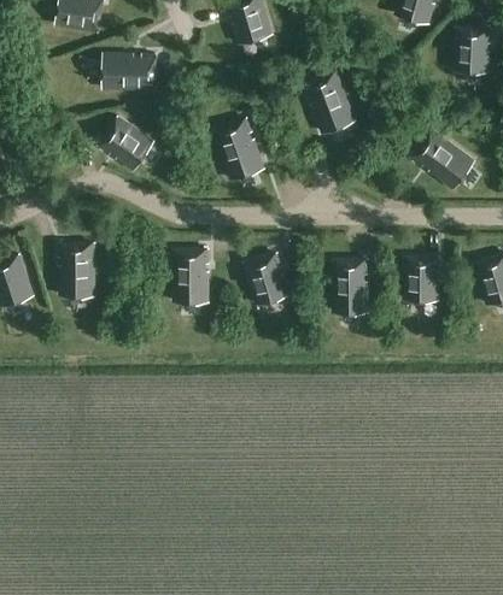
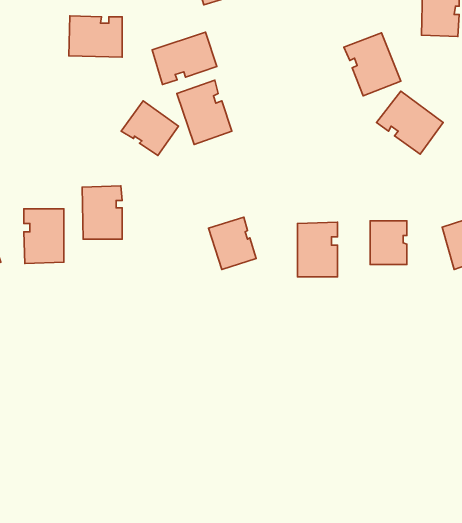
building: none -> [152,32,217,85]
building: [302,69,358,131] -> [344,33,401,96]
building: [100,117,157,171] -> [121,101,178,155]
building: [174,251,214,304] -> [82,186,122,239]

